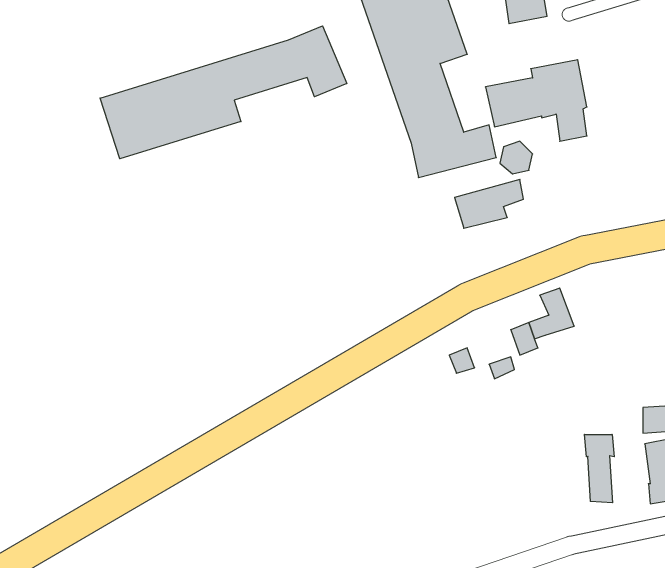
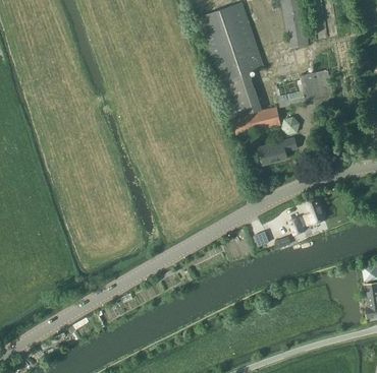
building: [100,26,347,159] -> none
building: [584,434,614,503] -> none

